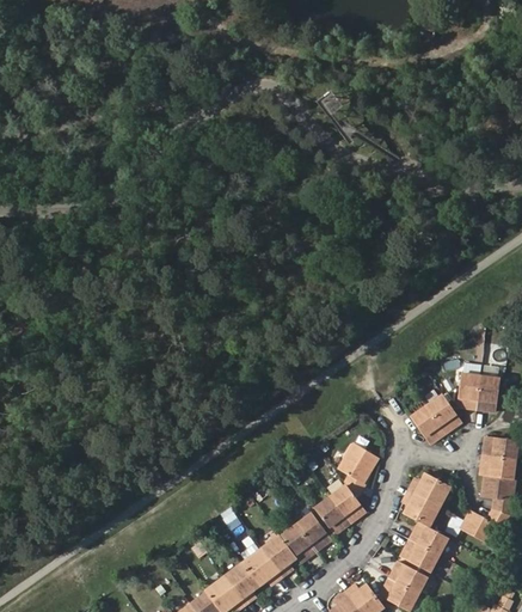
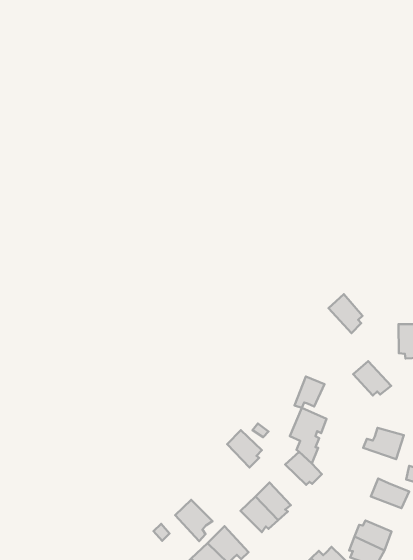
building: [425,393,457,433] -> [329,294,362,333]
building: none -> [294,377,324,408]
building: [405,490,440,528] -> none
building: [314,496,348,534] -> [227,430,262,468]
building: [262,536,297,577] -> [175,500,212,541]
building: [404,539,438,573] -> none

